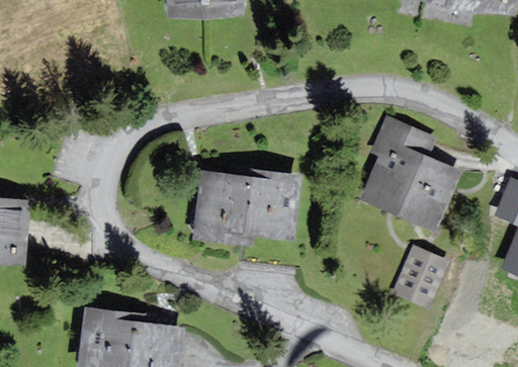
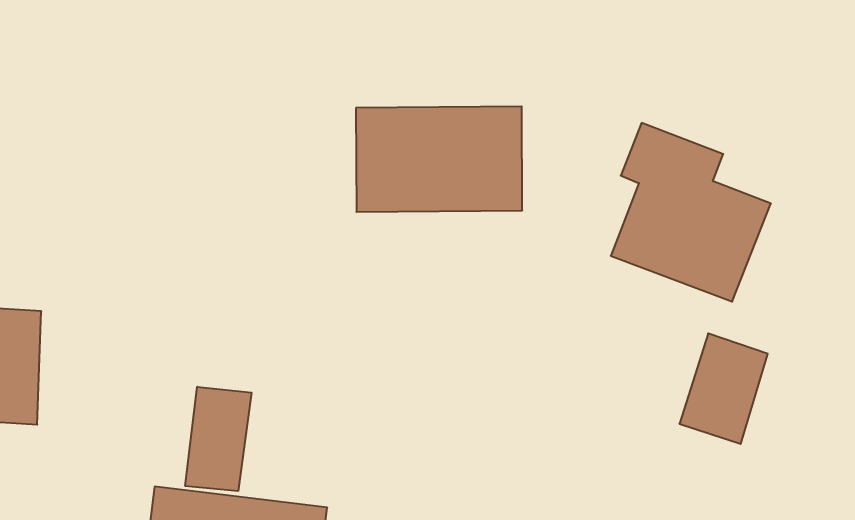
building: [196,174,295,240] -> [356,106,522,212]
building: none -> [185,387,251,491]

